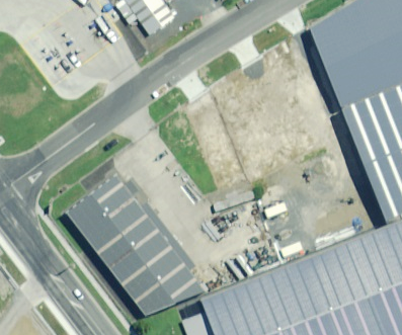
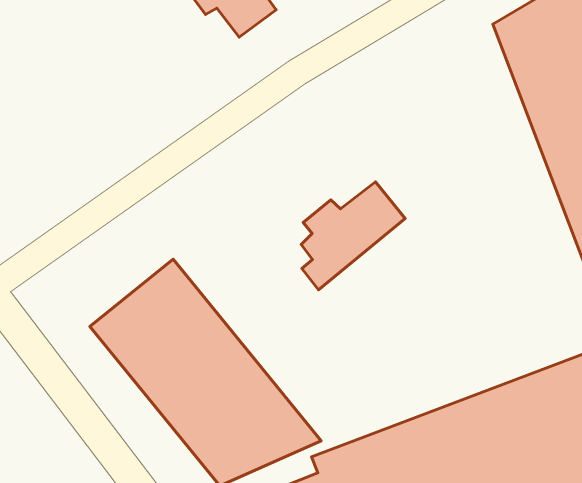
building: none -> [301,182,405,290]

